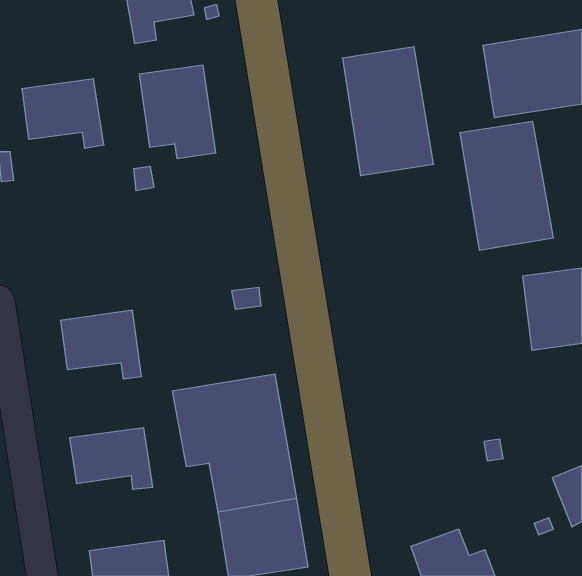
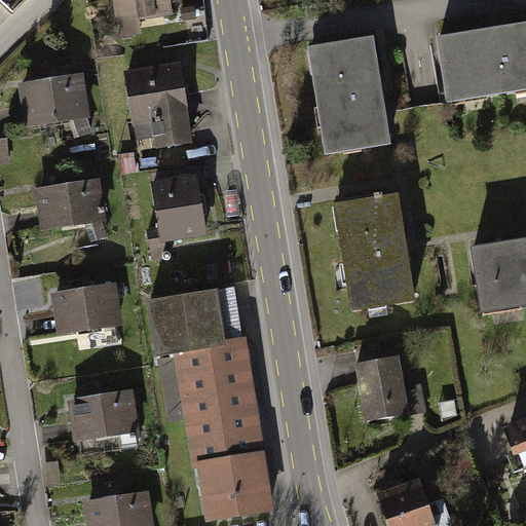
building: [460,121,553,250] -> [331,198,415,314]
building: none -> [150,171,209,238]
building: none -> [36,176,109,235]
building: none -> [147,289,248,352]
building: none -> [348,353,421,419]

